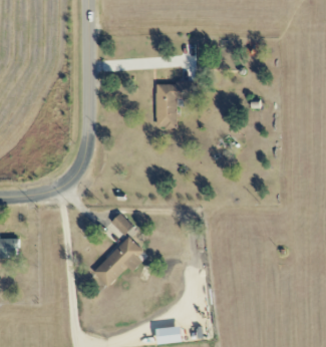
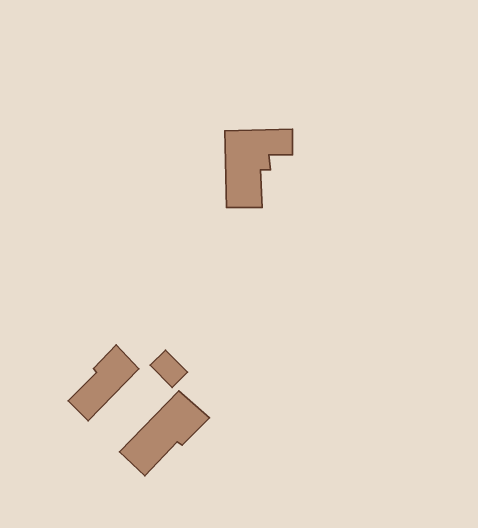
building: none -> [68,345,139,421]

